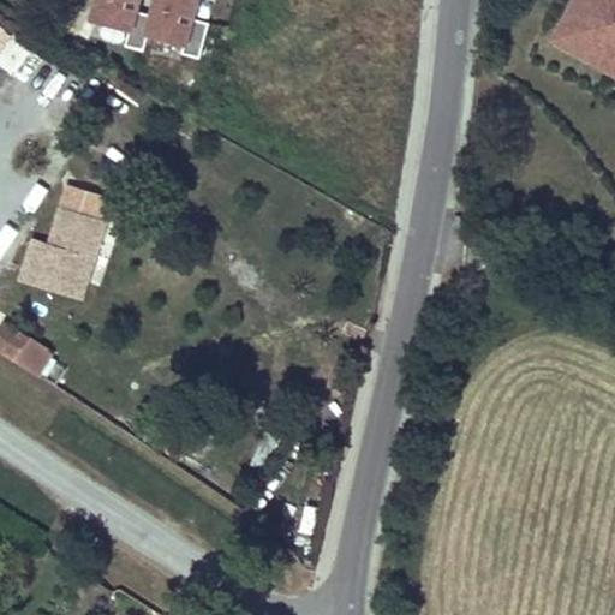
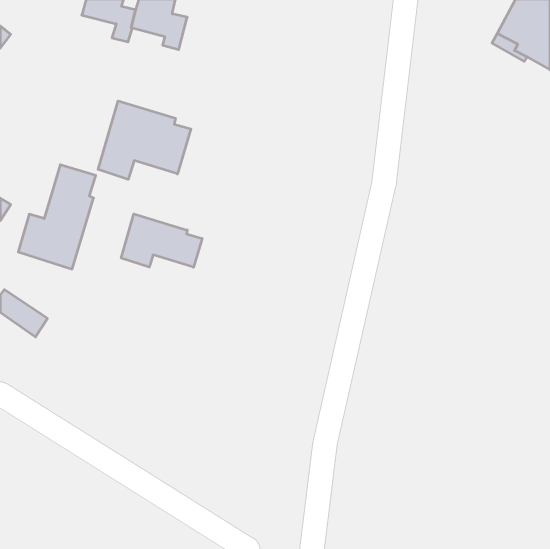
building: none -> [98,101,191,179]
building: none -> [121,214,202,267]

